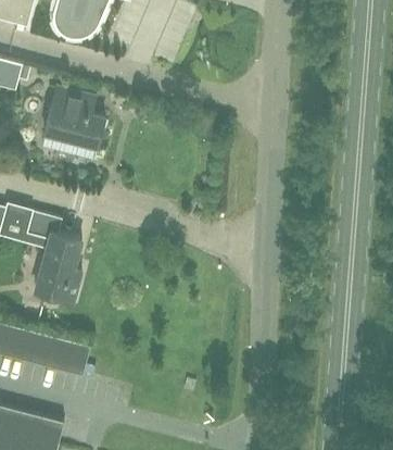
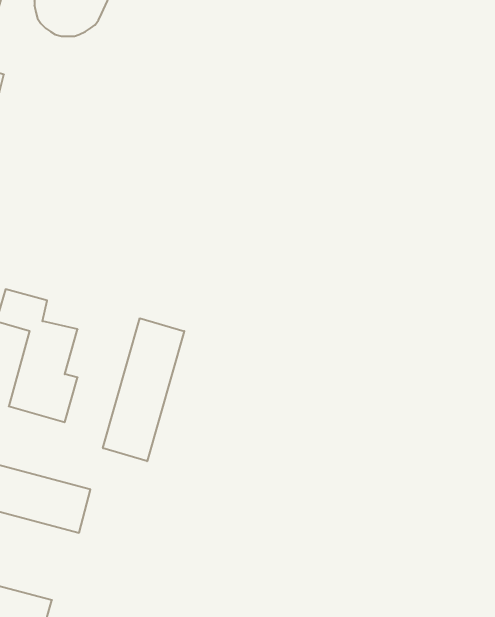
building: [43,86,104,149] -> none
building: none -> [103,318,184,461]

